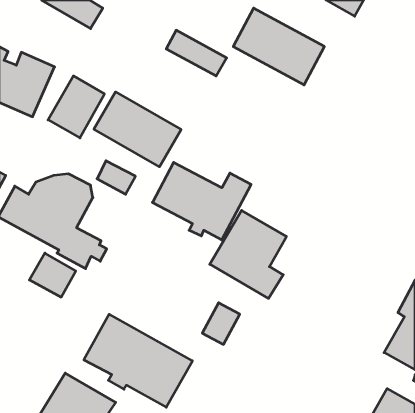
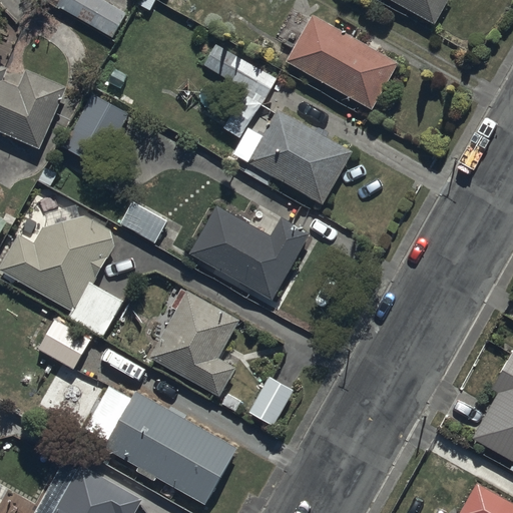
building: none -> [232,110,353,204]
building: [94,92,181,167] -> none
building: [210,210,286,298] -> [145,289,239,397]

